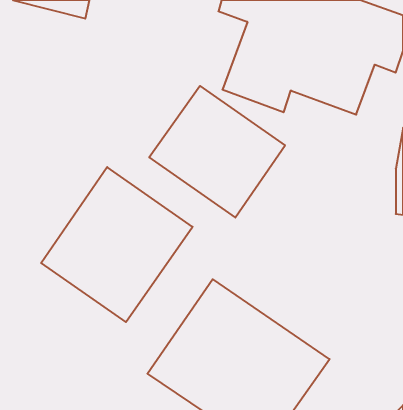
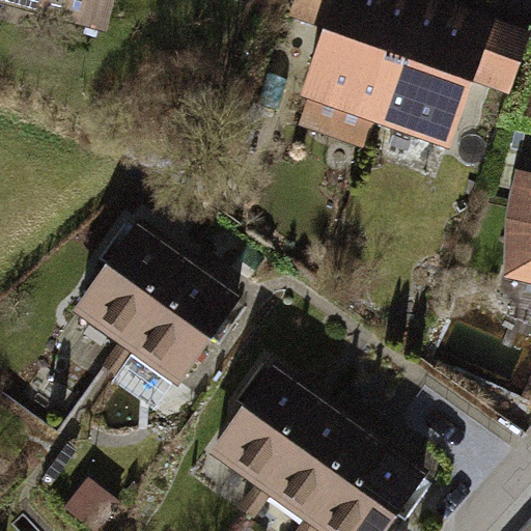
building: [149,86,285,218] -> none

